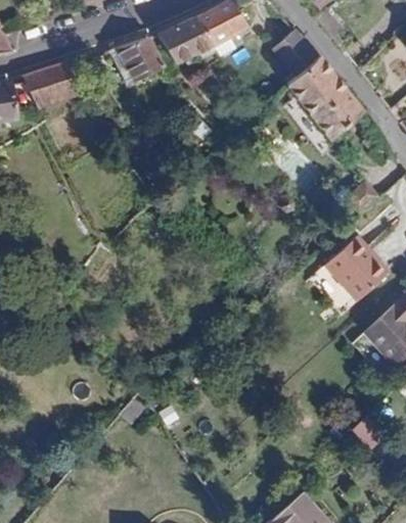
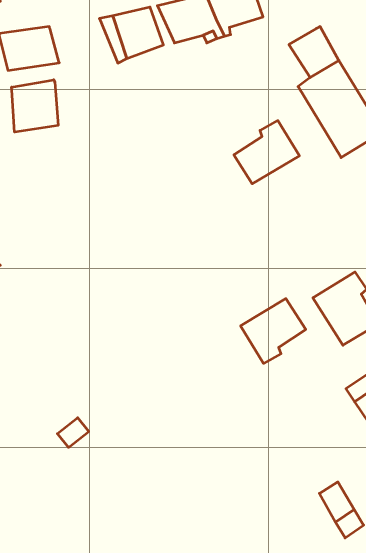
building: none -> [12,80,58,132]
building: none -> [234,121,299,184]
building: none -> [241,299,306,363]

